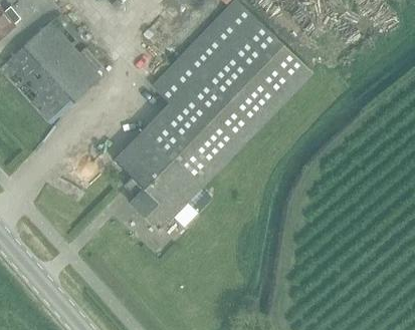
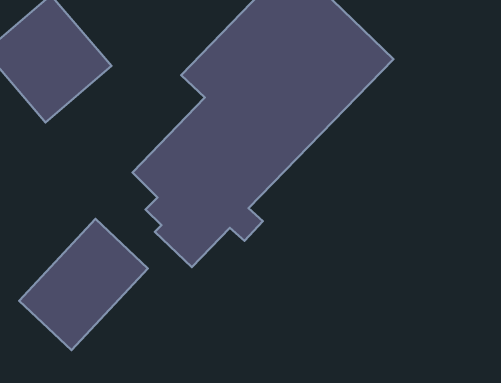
building: none -> [19,219,148,350]

